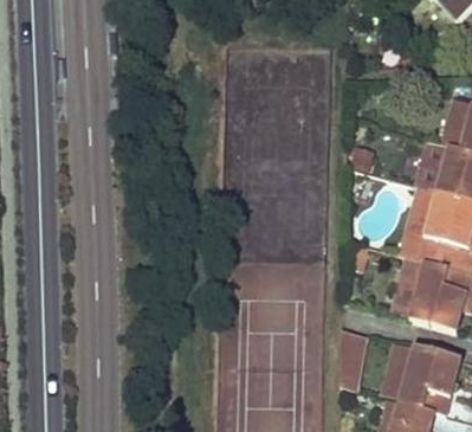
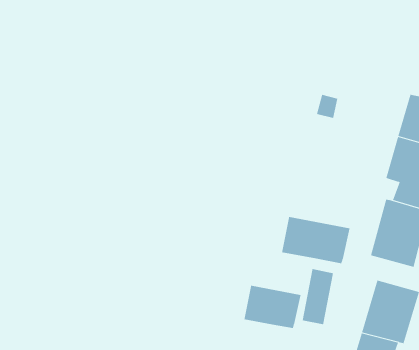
building: none -> [282,216,350,264]
building: none -> [244,285,301,329]

